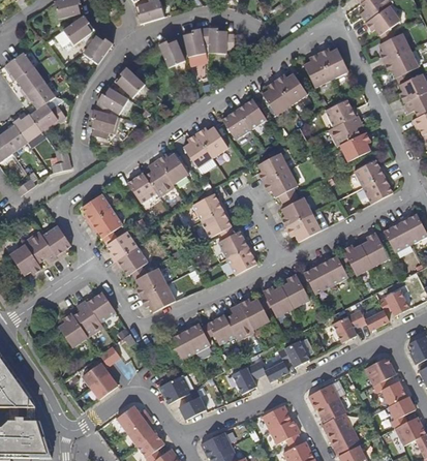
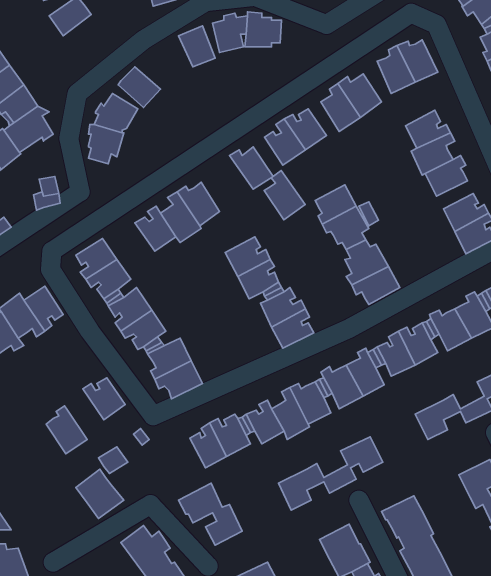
building: [84,32,113,64] -> none
building: [183,132,213,168] -> [264,171,305,220]
building: [77,304,105,341] -> none

